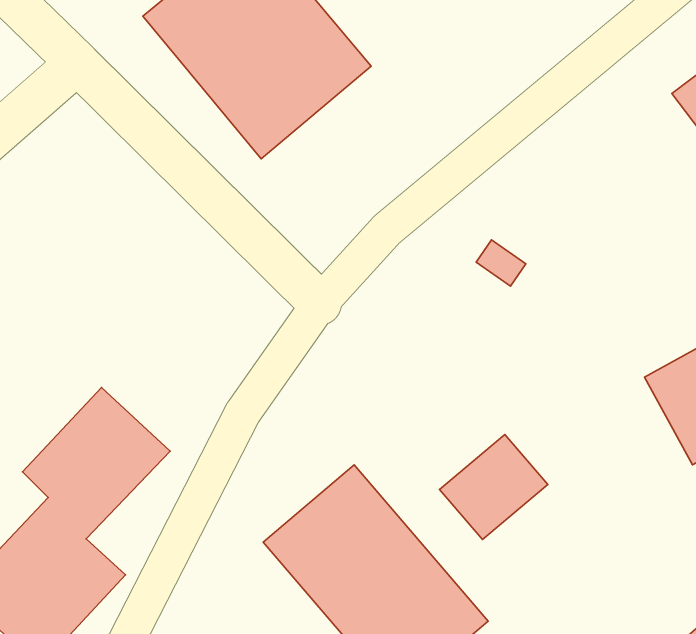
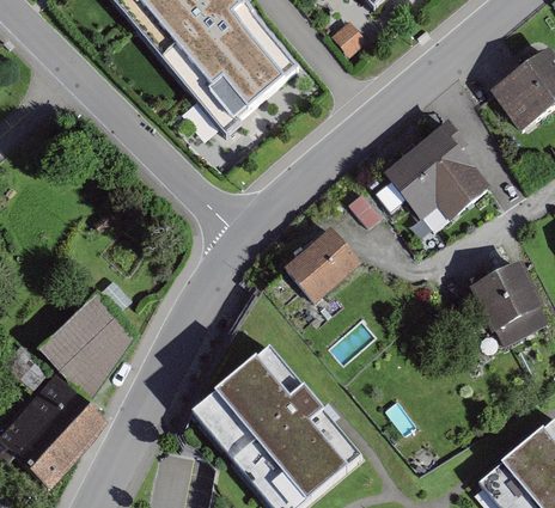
building: none -> [385,122,498,221]
building: [439,435,548,539] -> [286,229,361,302]

